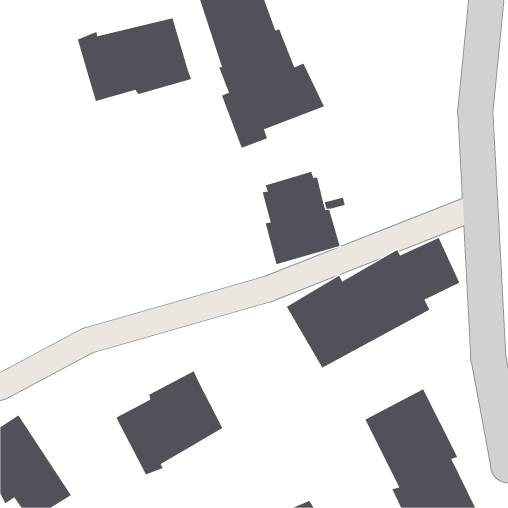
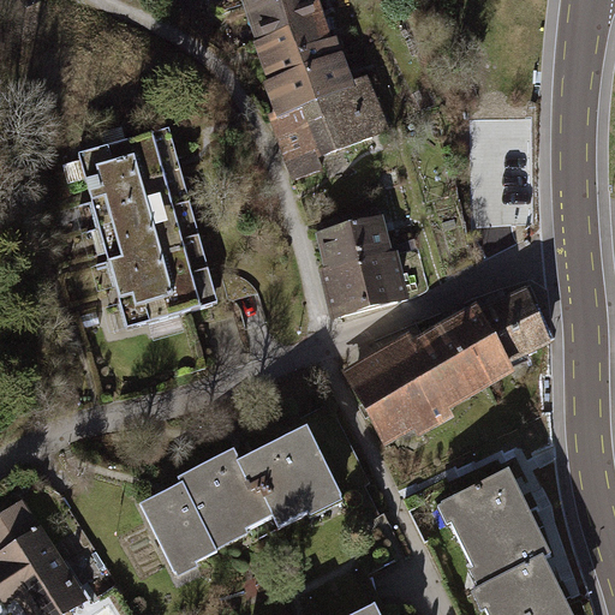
building: [77,18,192,102] -> none
building: none -> [78,133,199,322]
building: none -> [239,424,345,531]

